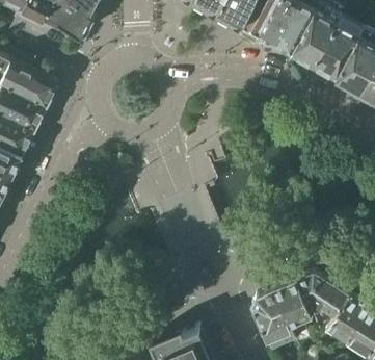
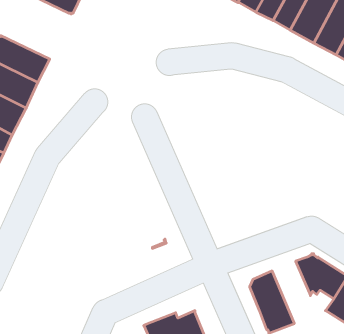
building: [273,281,319,346] -> none

